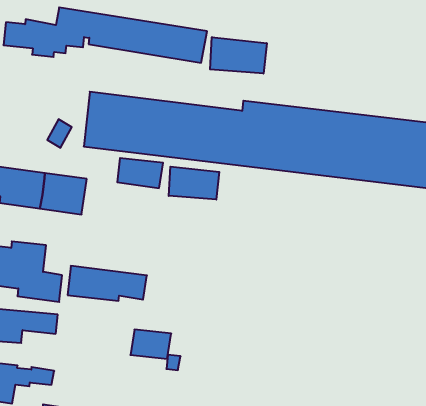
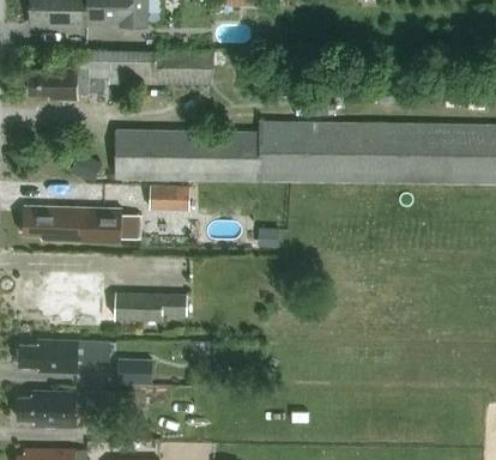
building: [210,37,267,74] -> none
building: [169,167,219,200] -> none
building: [130,330,171,359] -> [115,359,151,383]

